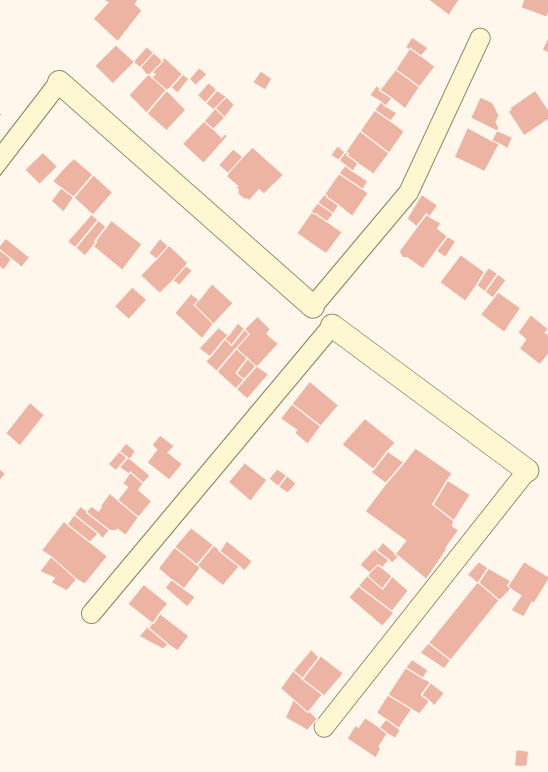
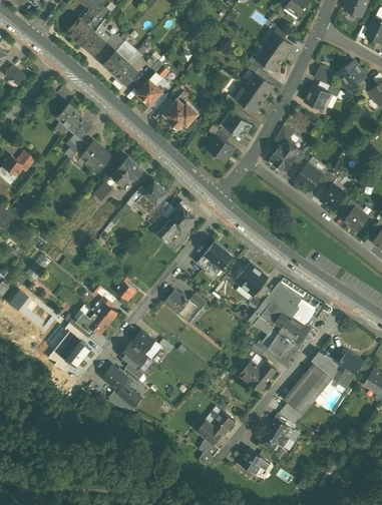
building: none -> [67,17,96,46]

